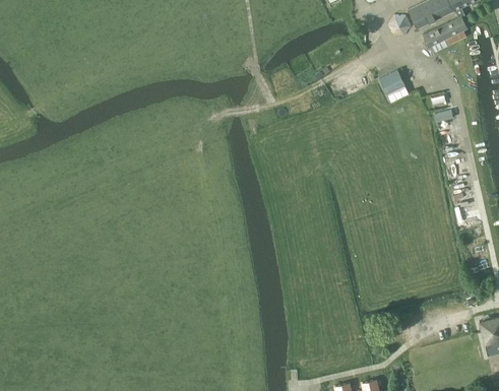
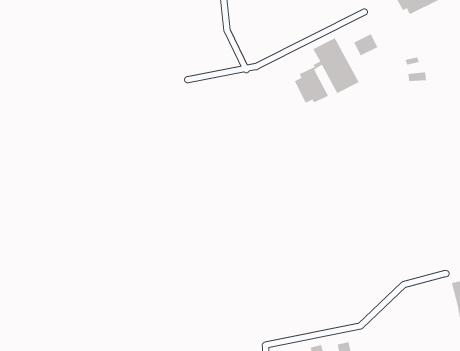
building: none -> [294,37,360,104]

